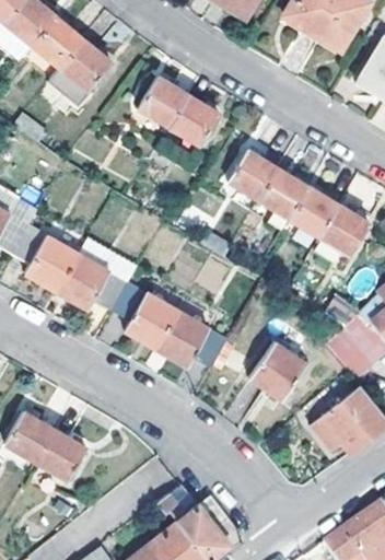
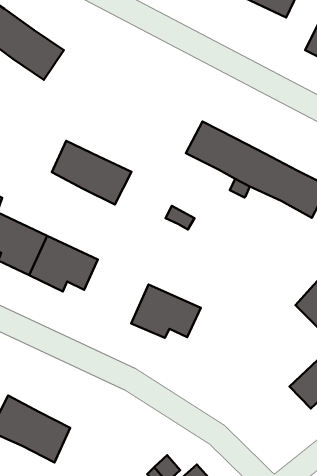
building: [139,77,220,145] -> [52,141,131,205]
building: [112,280,177,348] -> none
building: [250,342,306,399] -> none

